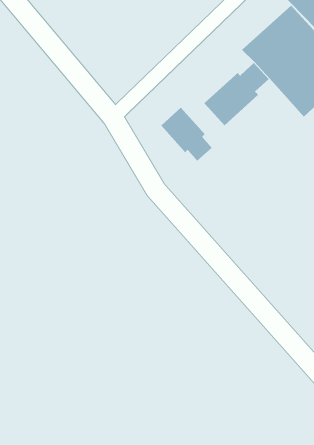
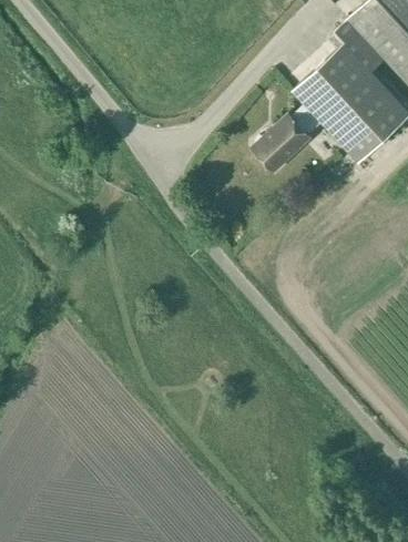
building: [160,107,213,162] -> none

